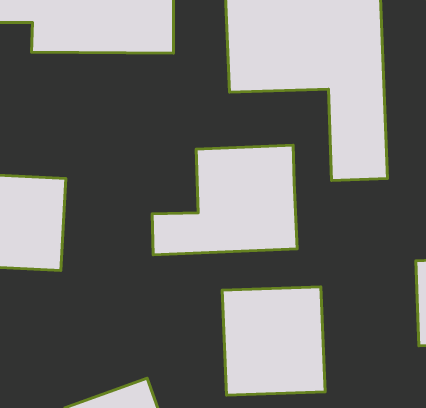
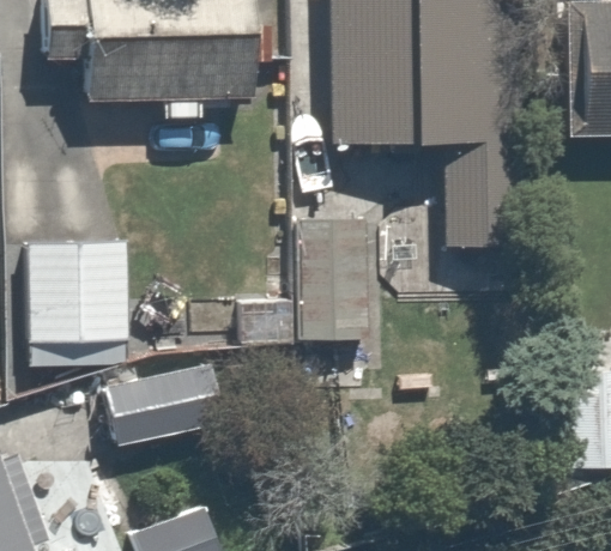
building: none -> [89,364,225,448]
building: [222,287,325,395] -> none

